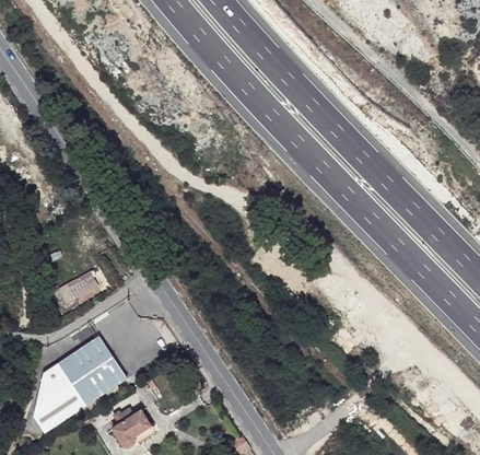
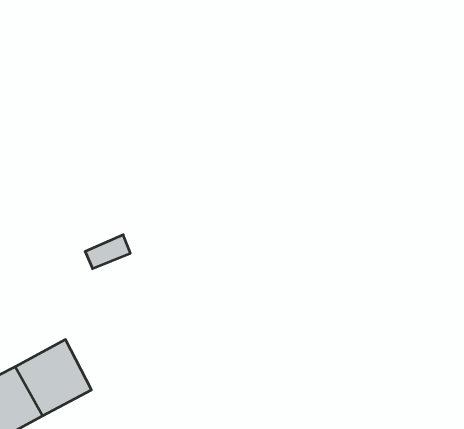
building: [59,275,98,306] -> [85,235,130,269]

